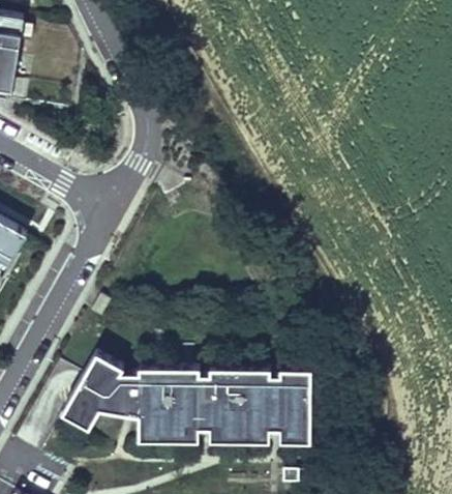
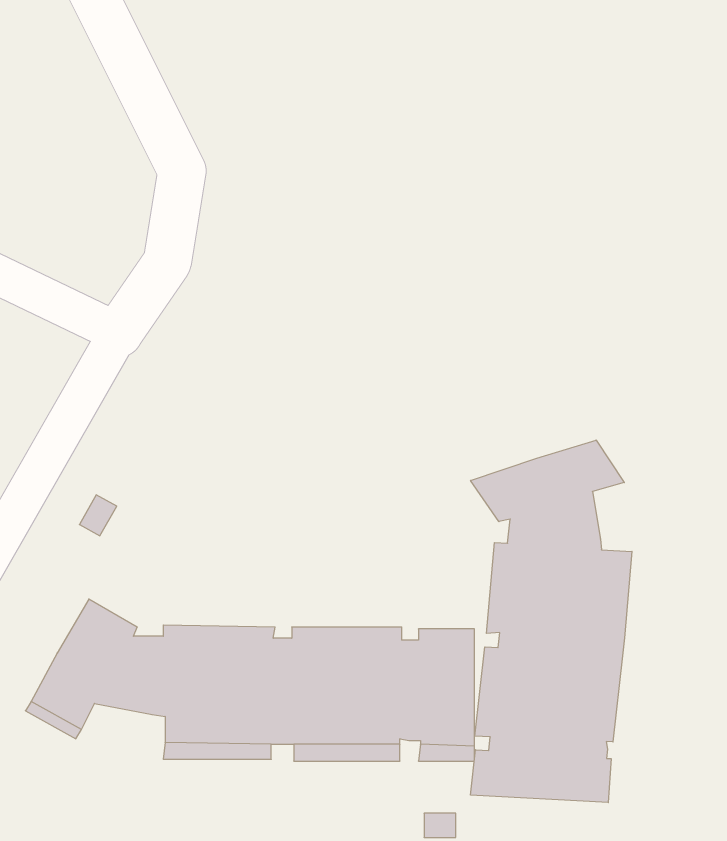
building: none -> [471,440,632,803]

